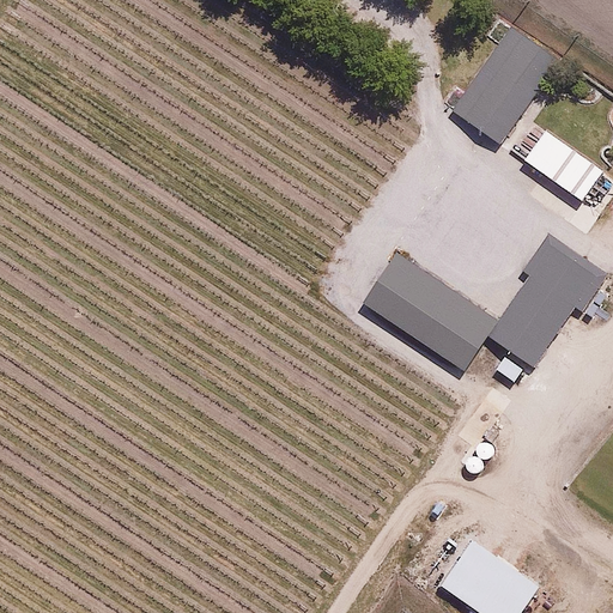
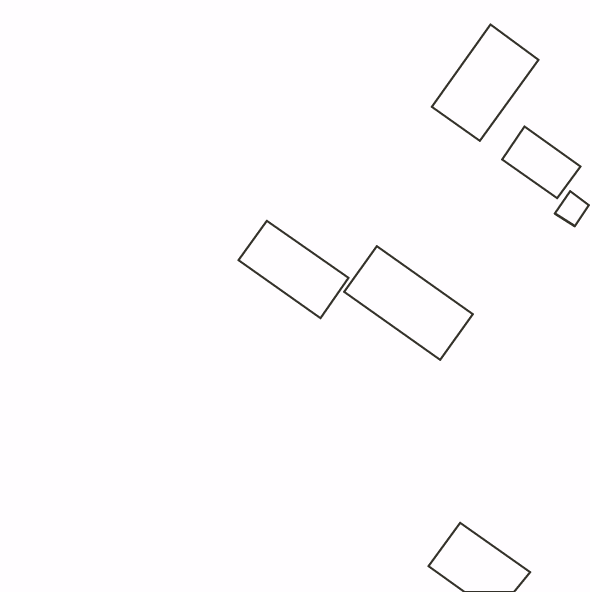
building: none -> [239,221,348,318]
building: [488,243,600,369] -> none

